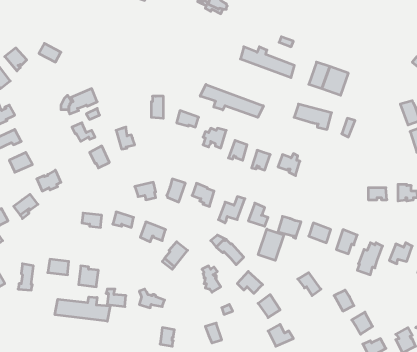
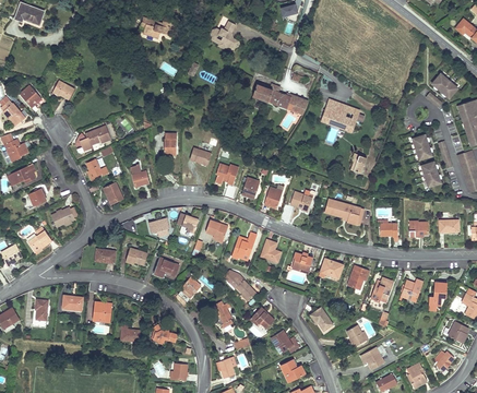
building: [200,84,263,117] -> none
building: [294,104,332,129] -> [324,199,361,224]
building: [258,229,284,260] -> none
building: [55,297,110,321] -> none

